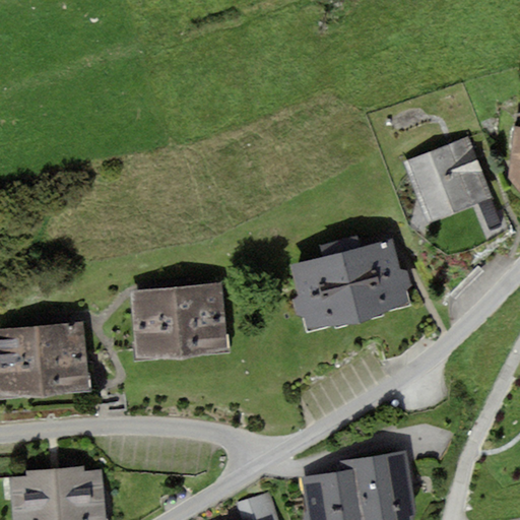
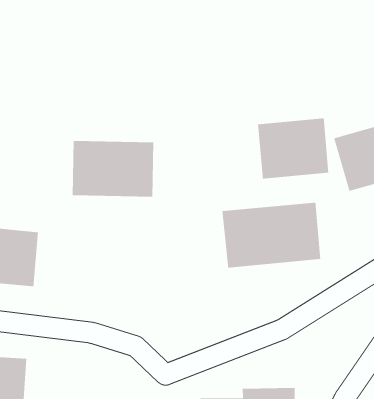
building: none -> [257,117,329,179]
building: [128,280,229,356] -> [72,140,154,198]

